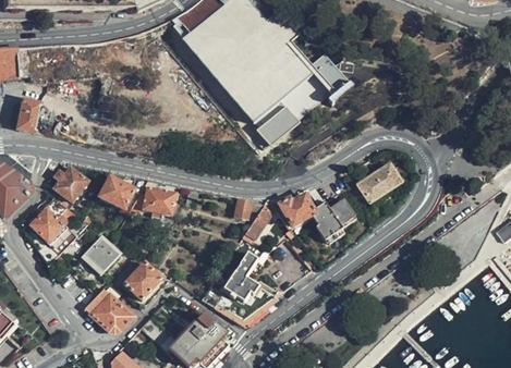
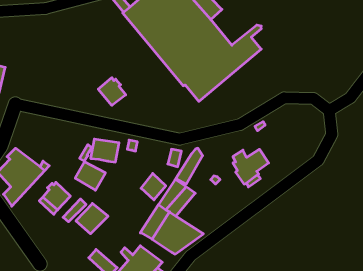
building: none -> [98,78,126,105]
building: [362,163,399,203] -> none
building: [54,168,88,203] -> none
building: [99,177,135,211] -> [75,162,105,190]
building: [279,195,315,226] -> none
building: none -> [141,173,166,200]
building: [84,287,135,331] -> none

